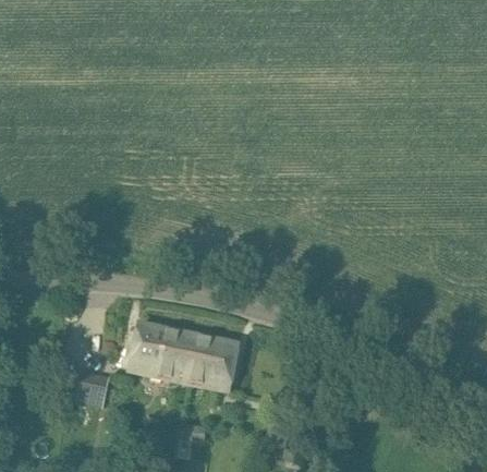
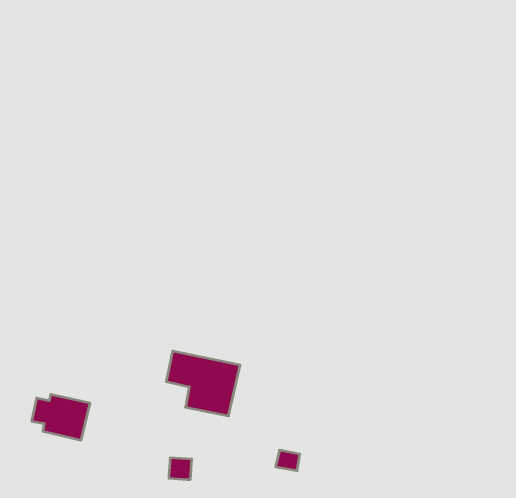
building: [132,324,195,380] -> none

